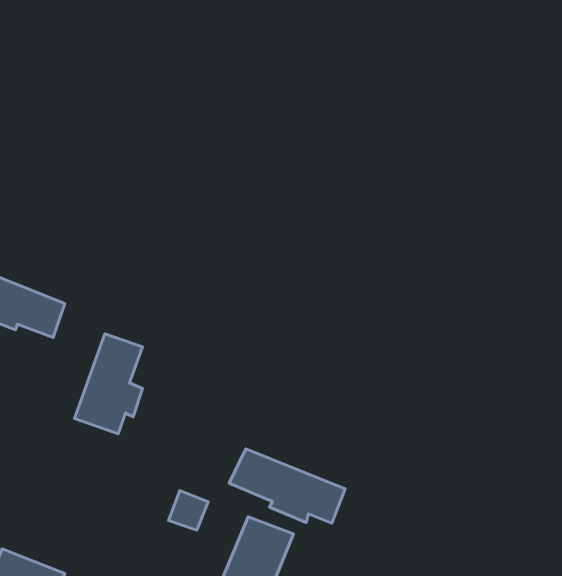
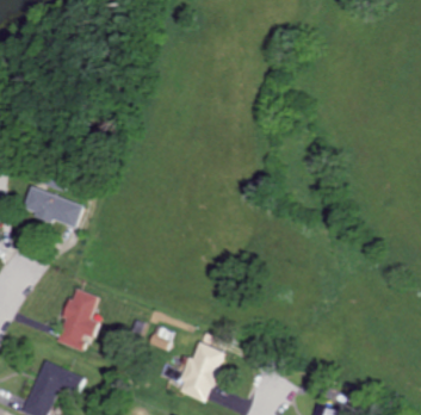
building: [75,334,143,434] -> [55,287,98,351]
building: [229,449,345,523] -> none

